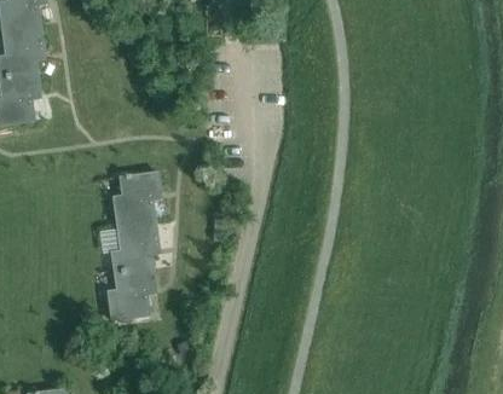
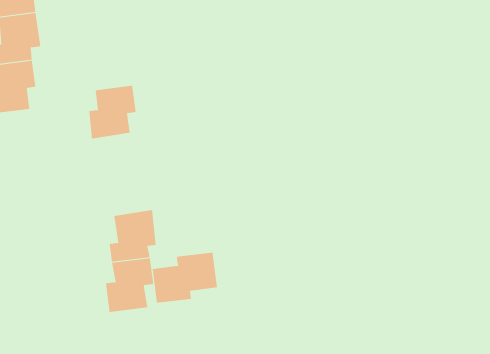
building: [114,172,161,225] -> [89,85,137,139]
building: none -> [152,252,217,304]

